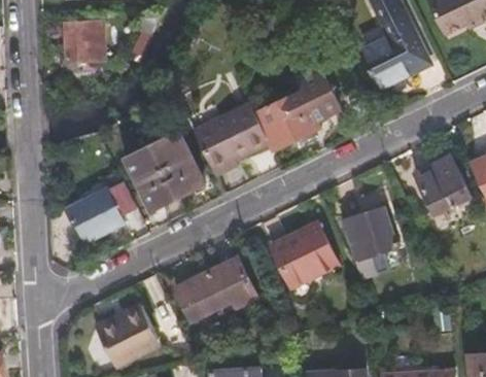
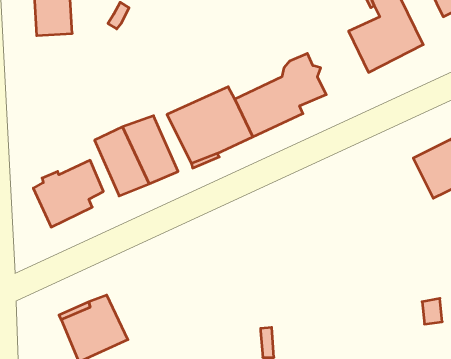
building: [346,209,397,275] -> none
building: [271,225,340,288] -> none
building: [177,256,259,319] -> none

